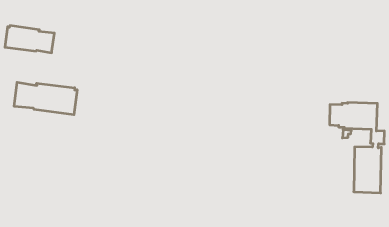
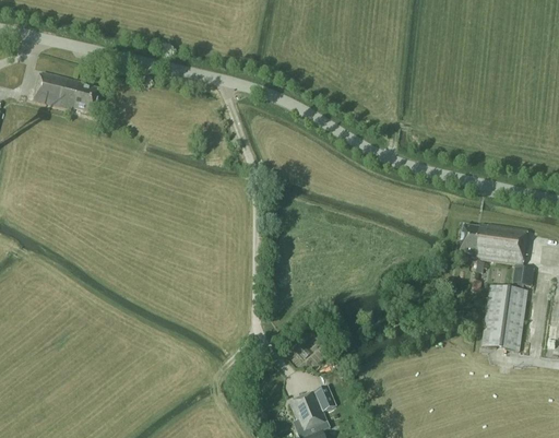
building: [14,82,77,115] -> none

